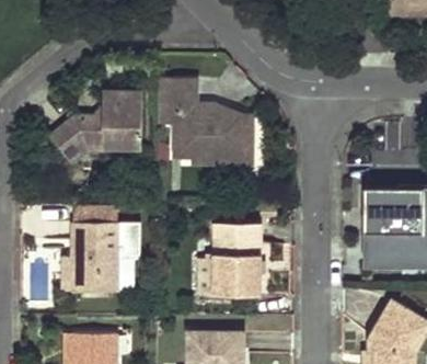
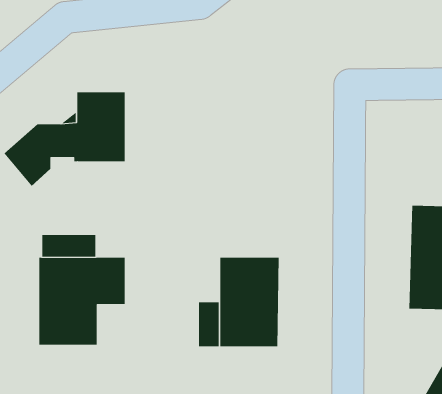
building: [158,78,253,166] -> none

